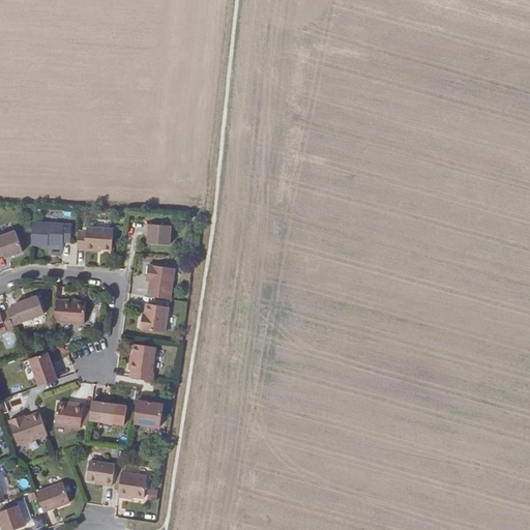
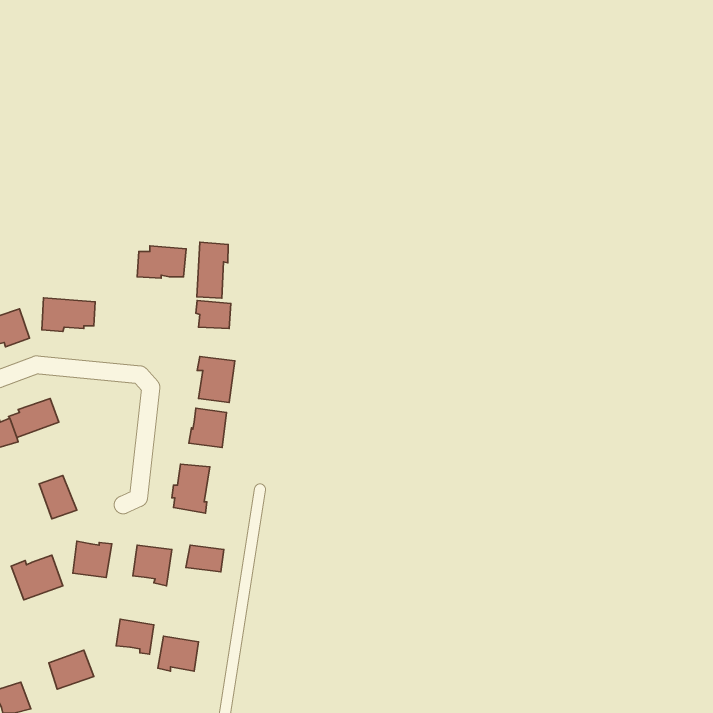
building: none -> [197,242,228,298]
building: [77,226,113,249] -> [137,246,186,278]
building: [54,302,85,325] -> none

